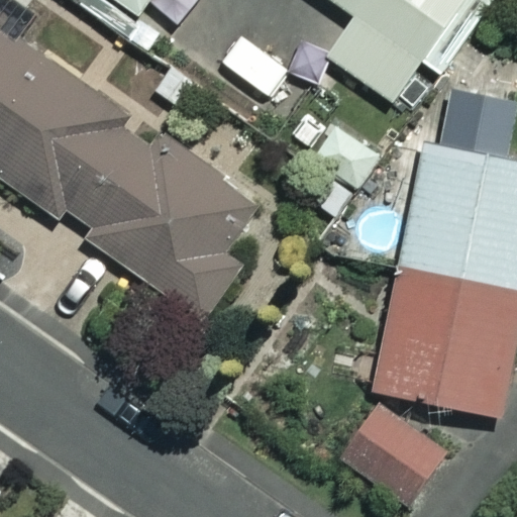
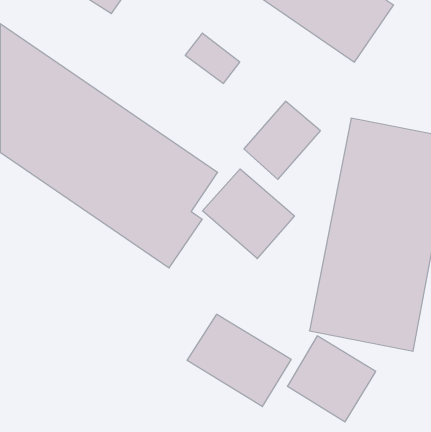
building: none -> [203,169,294,259]
building: none -> [187,314,291,407]

